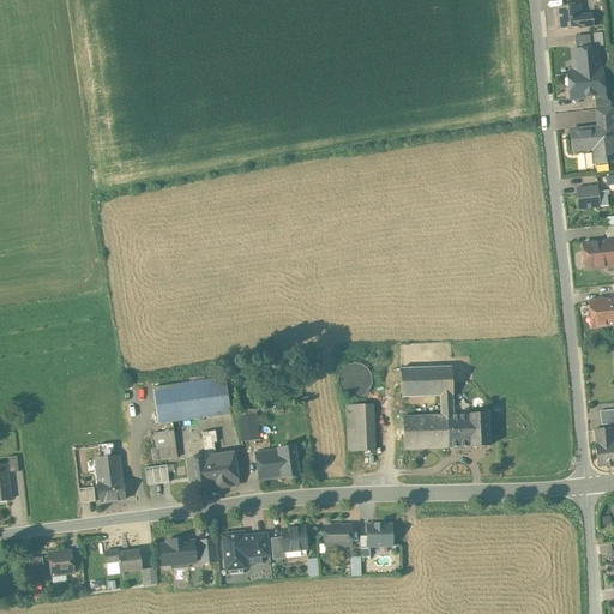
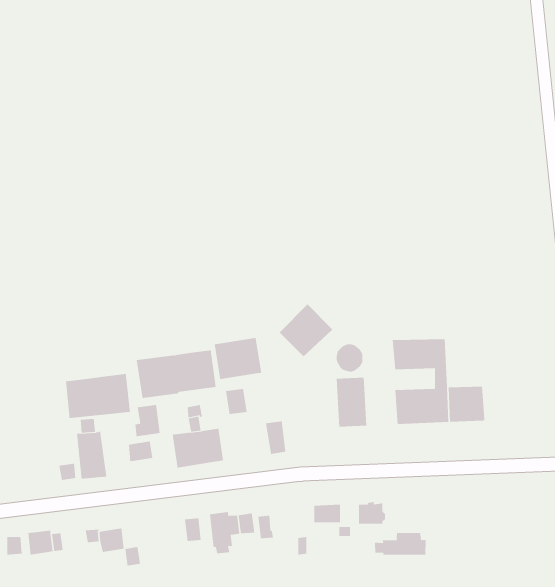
building: none -> [279,304,333,357]
building: none -> [214,337,262,380]
building: none -> [65,373,130,419]
building: [255,447,282,480] -> none
building: [282,526,308,550] -> none
building: [159,538,195,568] -> none
building: none -> [375,532,426,556]

